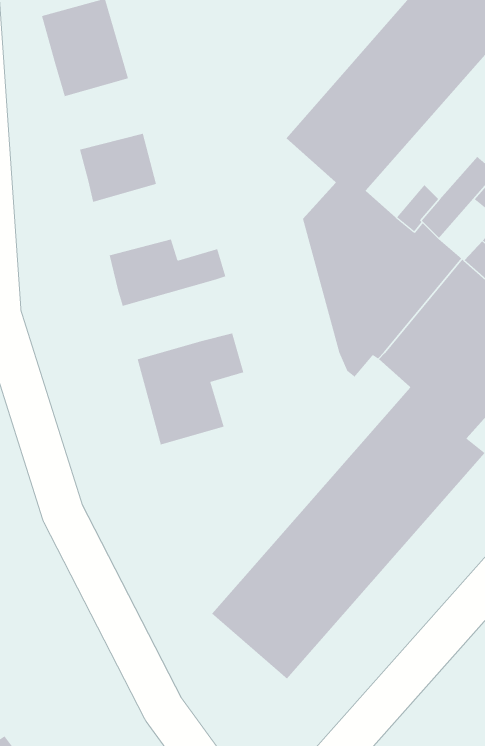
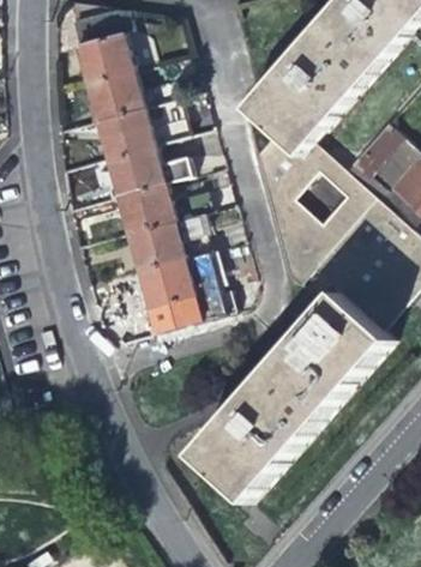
building: none -> [85,65,143,116]
building: none -> [106,141,163,193]
building: none -> [127,211,200,269]

